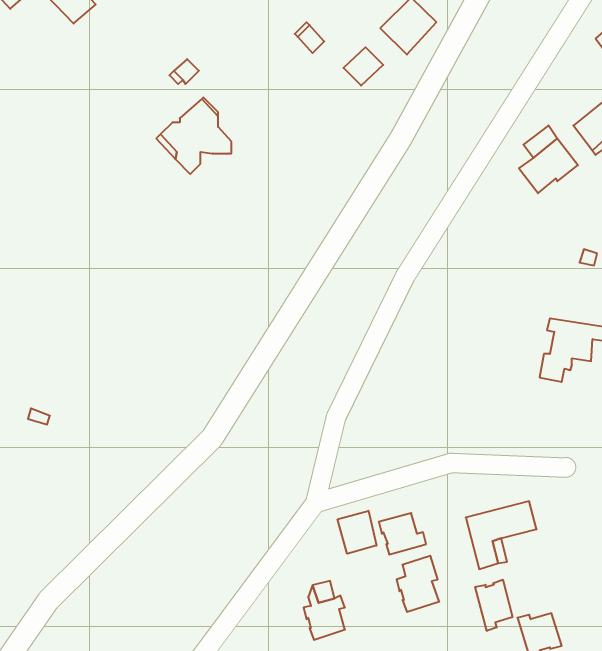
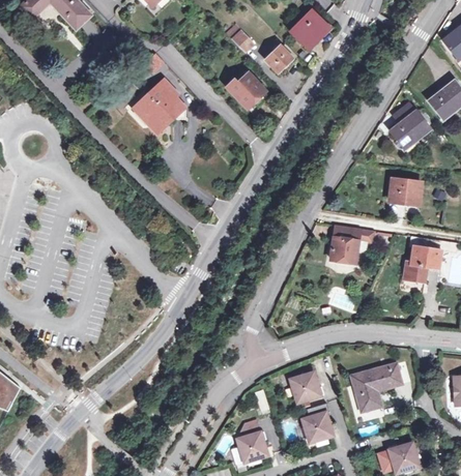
building: none -> [226,72,266,110]
building: none -> [387,179,420,203]
building: none -> [329,225,374,263]
building: [338,511,376,554] -> none
building: [475,580,512,631] -> none

